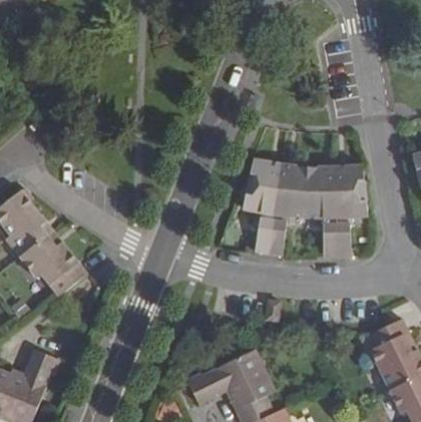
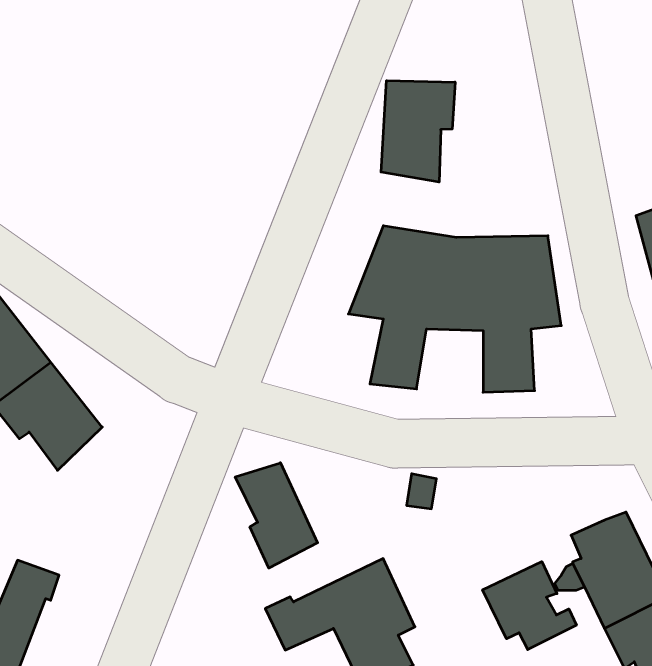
building: none -> [381,81,455,182]
building: none -> [235,463,318,568]
building: none -> [483,562,576,650]

